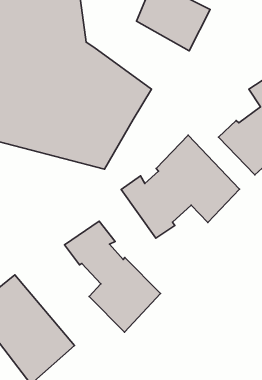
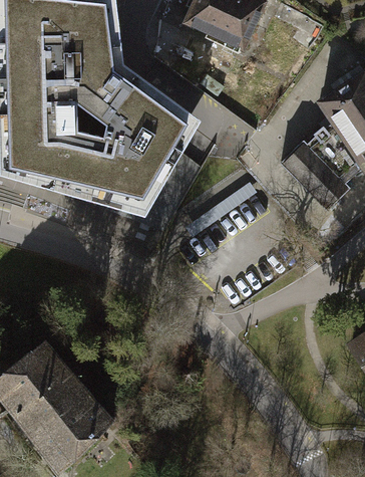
building: [121,135,240,238] -> none
building: [64,221,160,332] -> none

